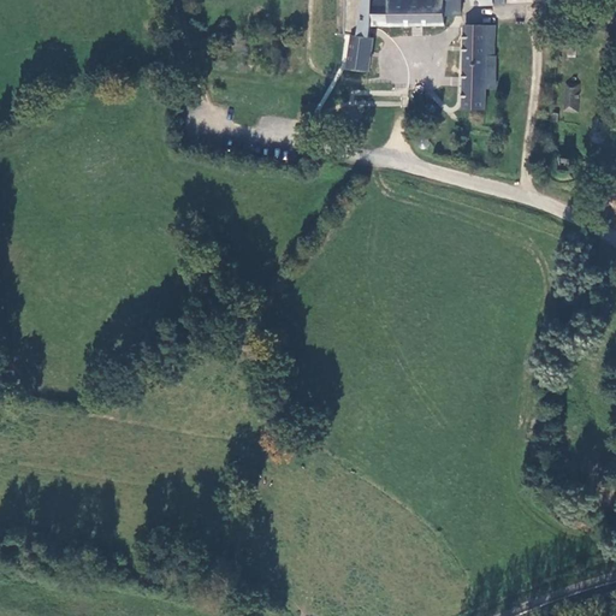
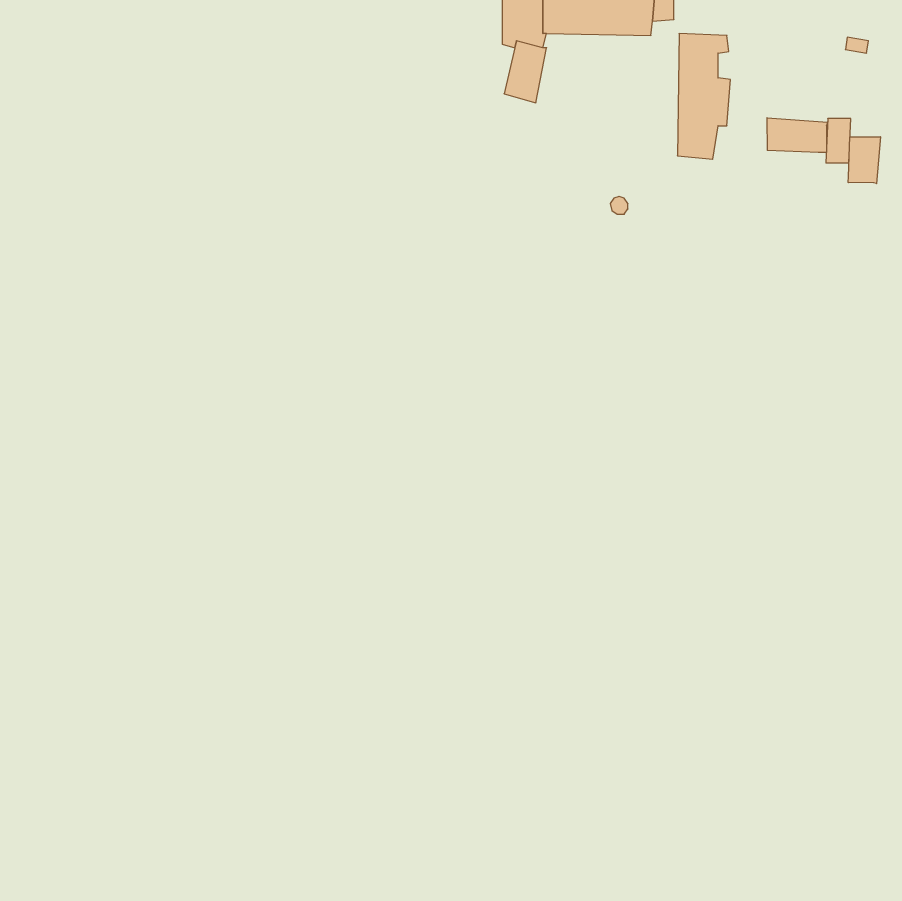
building: none -> [767,118,827,153]
building: none -> [848,137,880,184]

